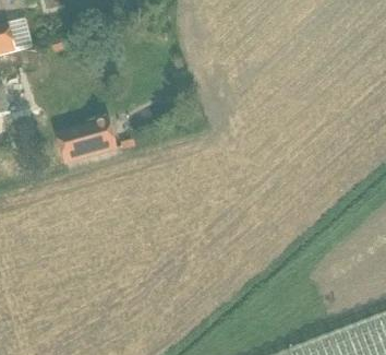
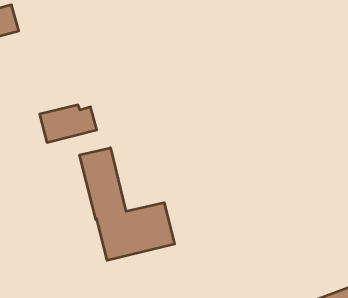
building: none -> [80,148,175,260]

